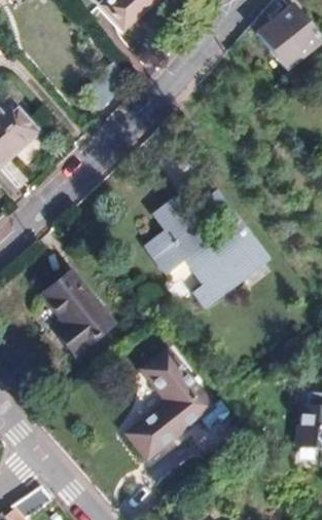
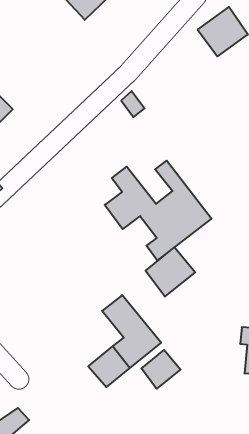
building: [43,272,113,355] -> none
building: none -> [146,247,195,297]
building: none -> [141,350,181,389]

